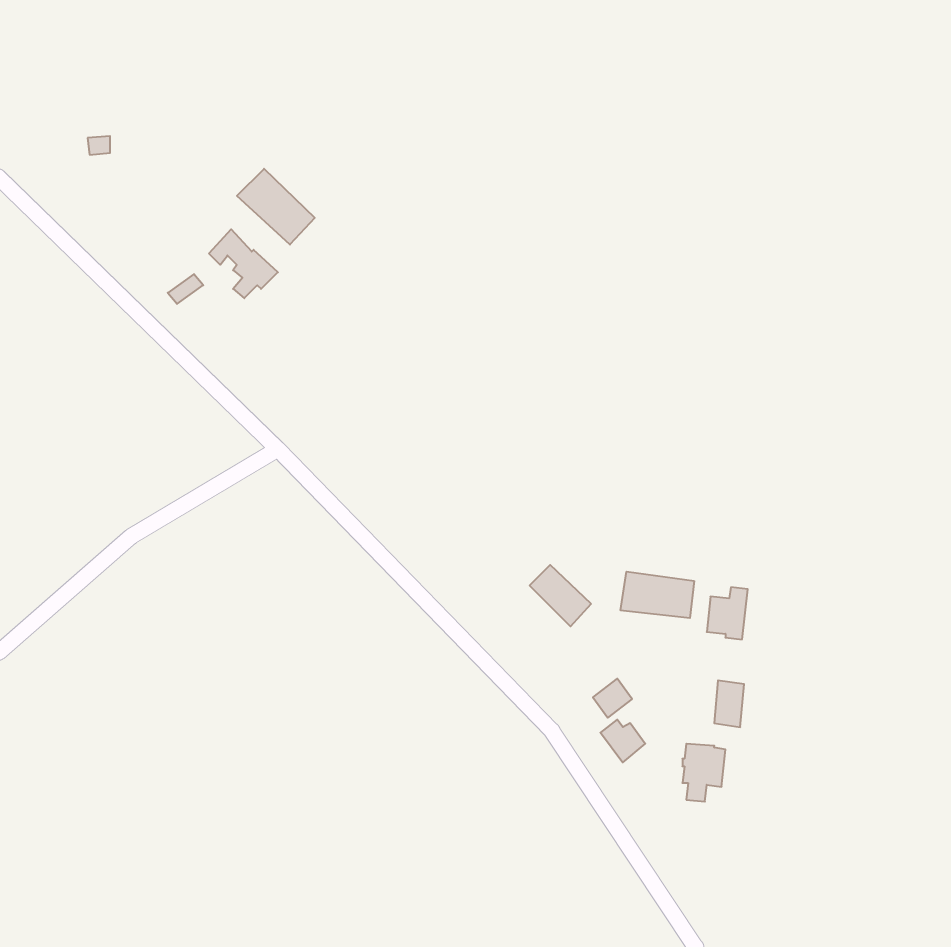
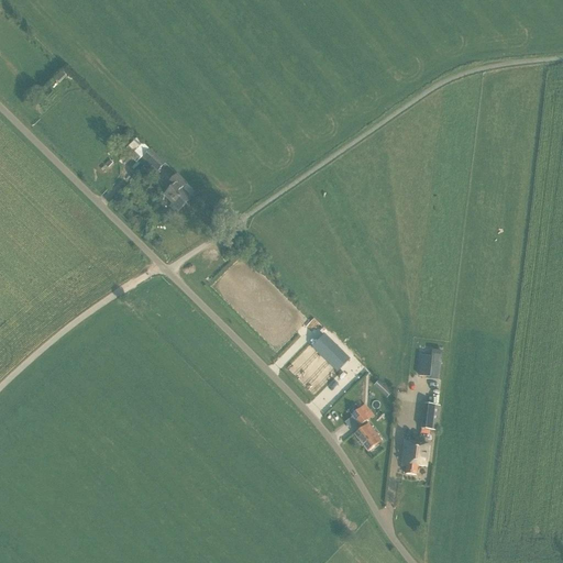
building: [237,169,315,245] -> none
building: none -> [164,173,190,210]
building: [621,572,694,618] -> none

